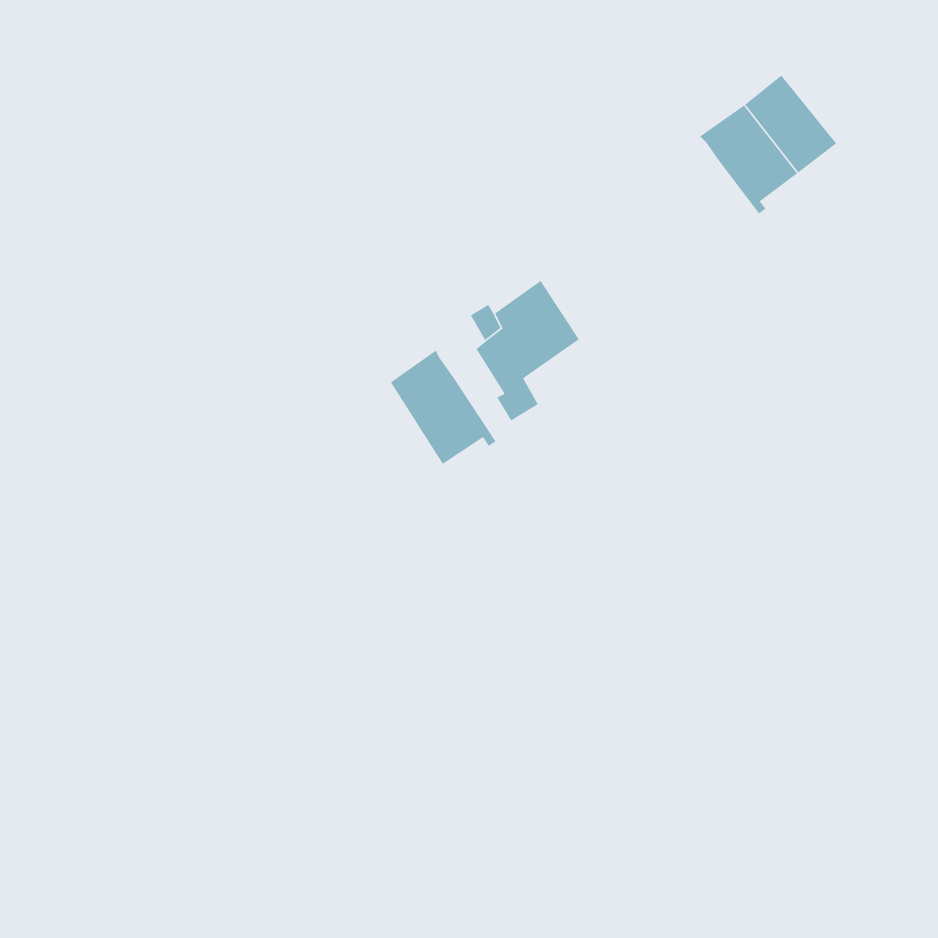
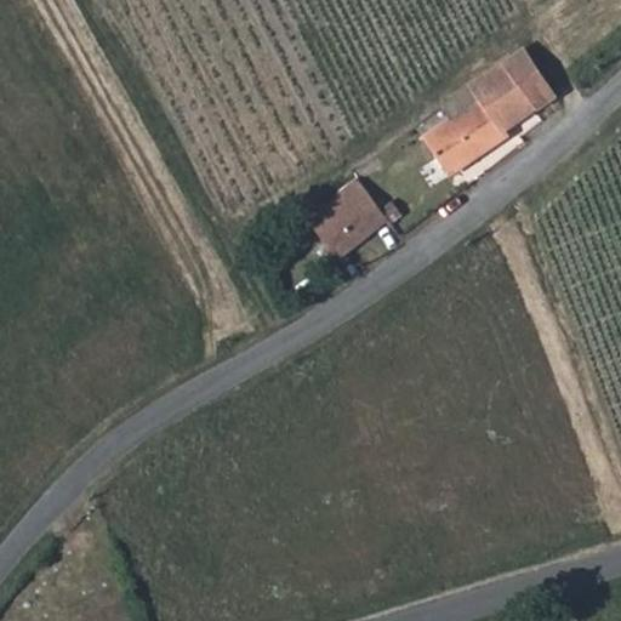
building: none -> [425,104,503,178]
building: [390,349,496,465] -> none

